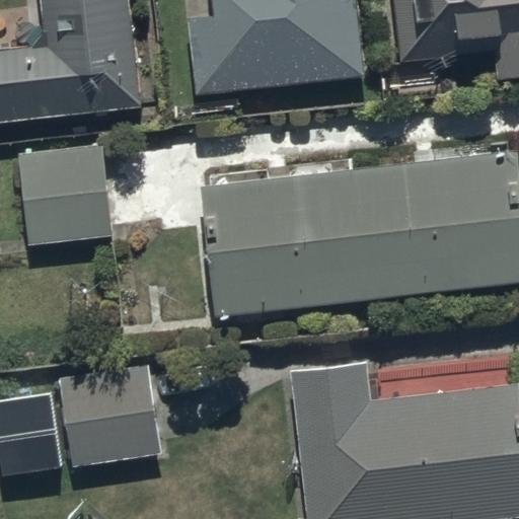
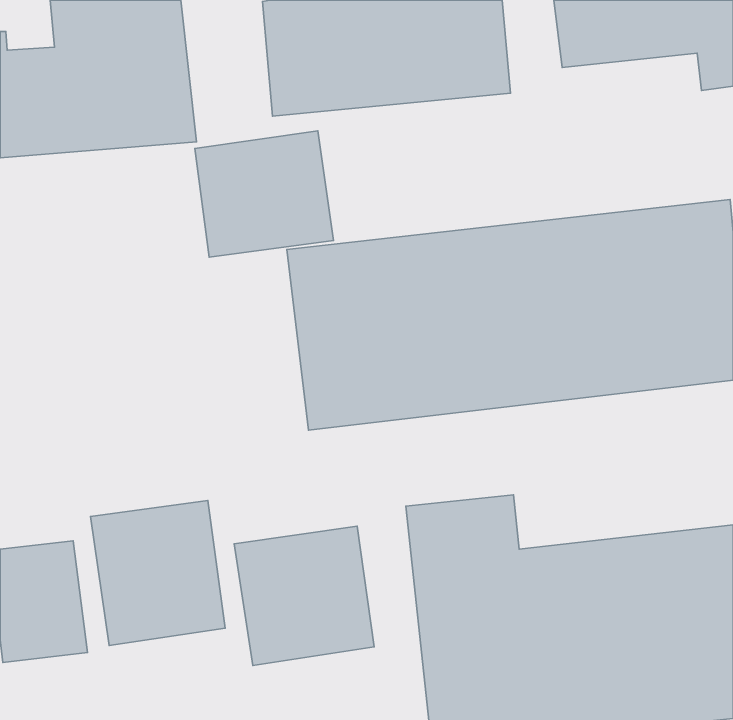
building: none -> [195,131,334,257]
building: [18,145,113,247] -> none
building: none -> [234,526,374,666]

